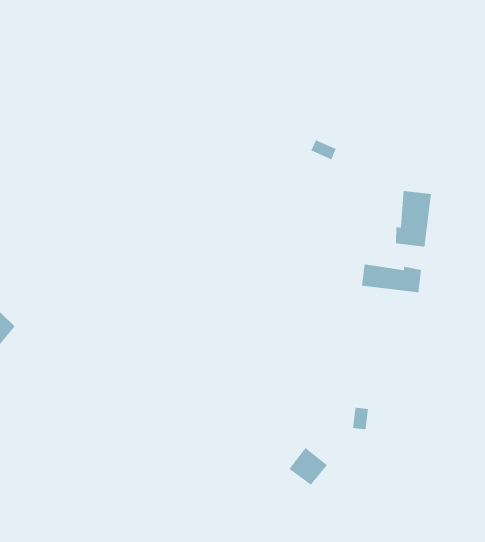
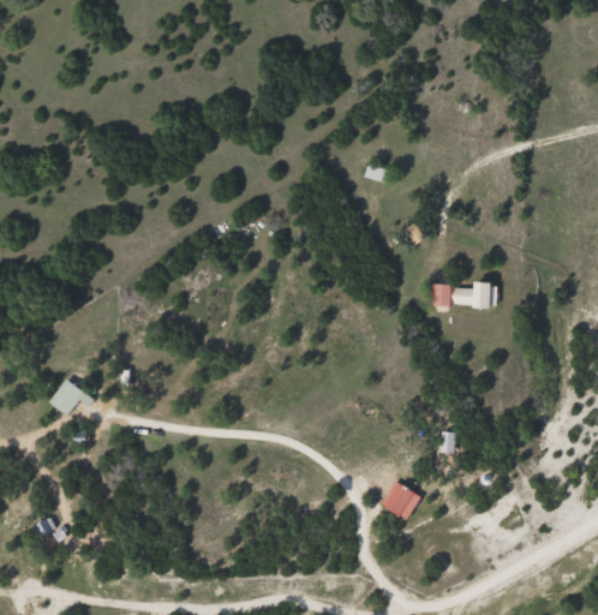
building: [395,190,431,247] -> none

